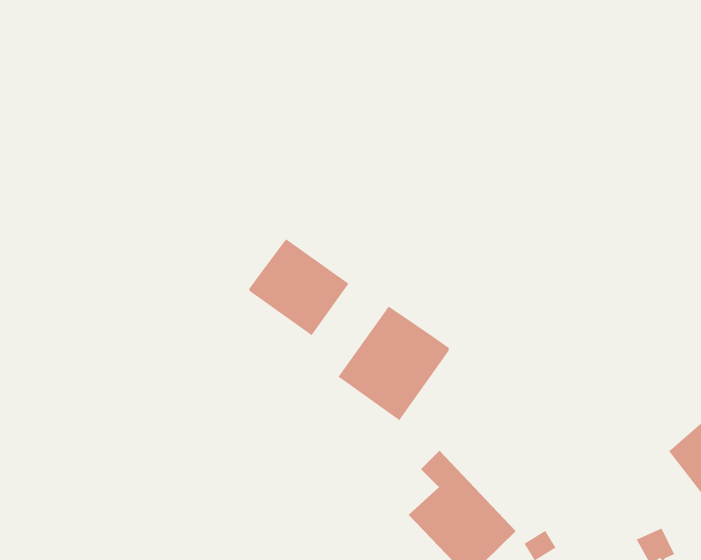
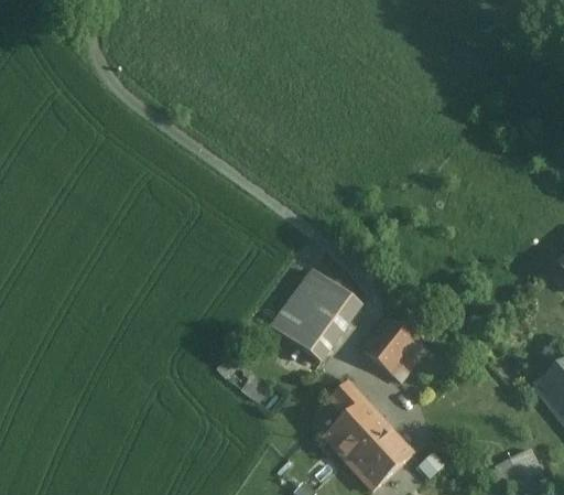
building: [248,238,349,336] -> none
building: none -> [364,315,420,372]

